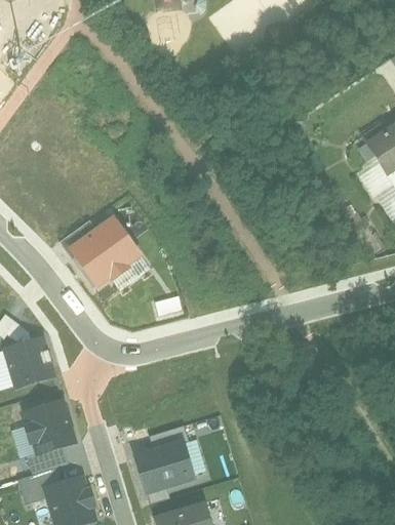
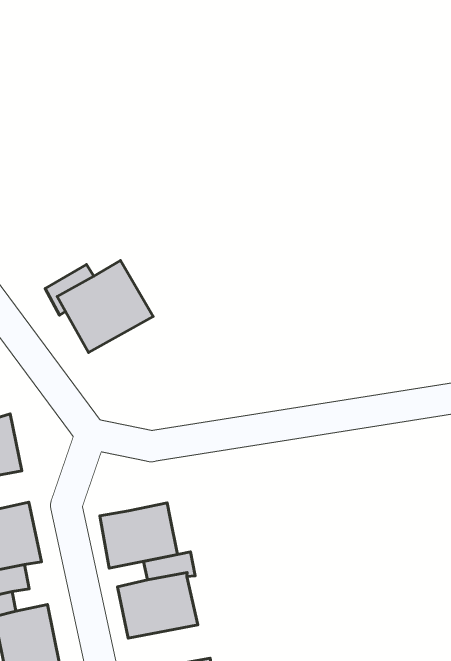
building: none -> [100,503,178,568]

